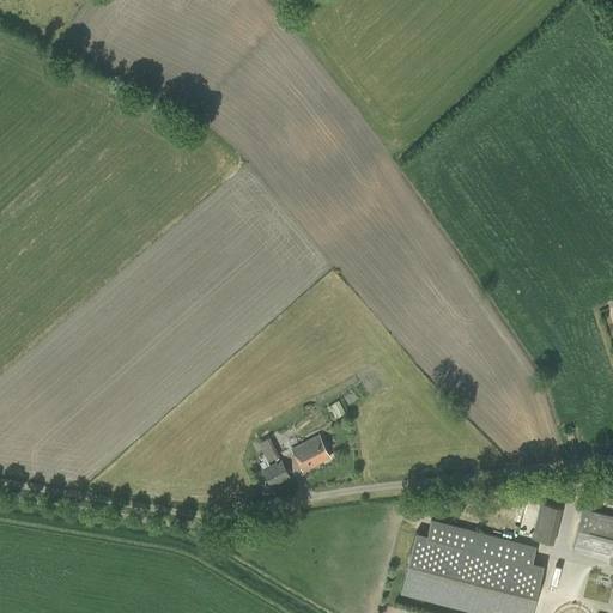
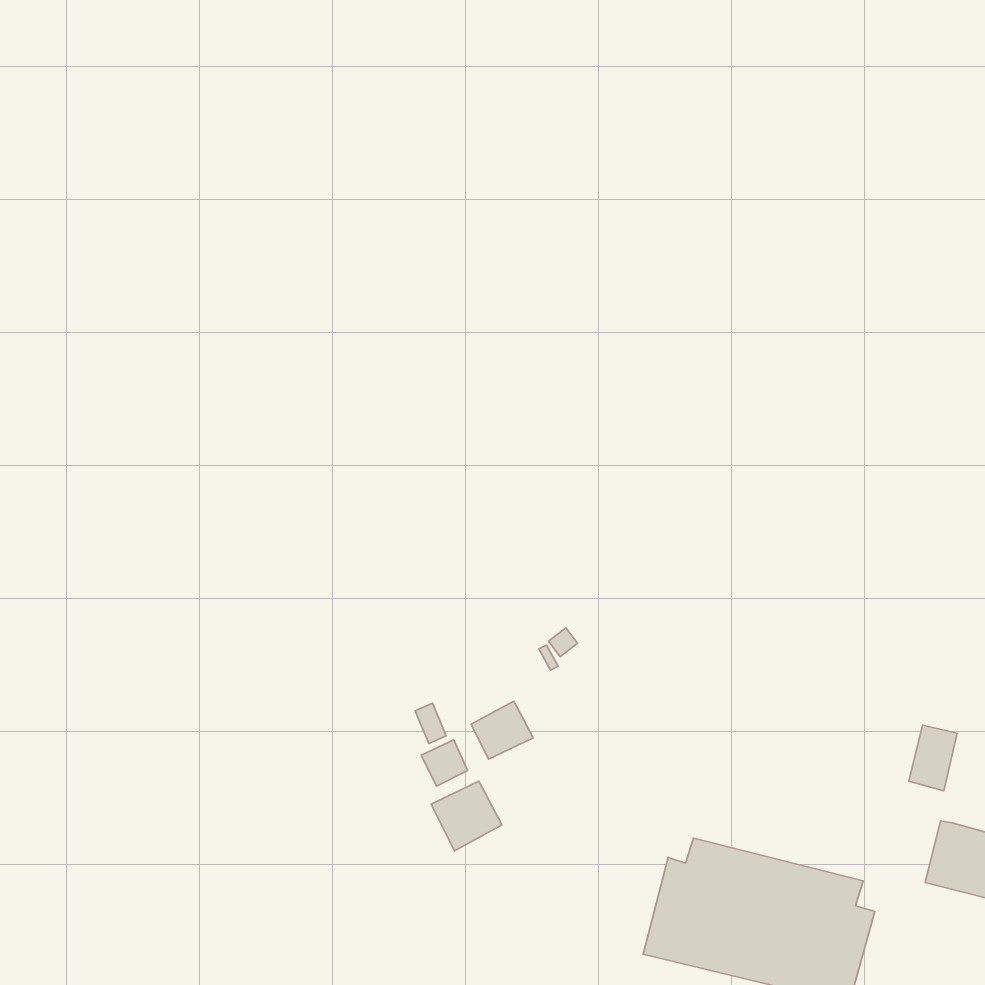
building: none -> [431,781,502,851]
building: [533,504,563,545] -> [909,725,957,791]

